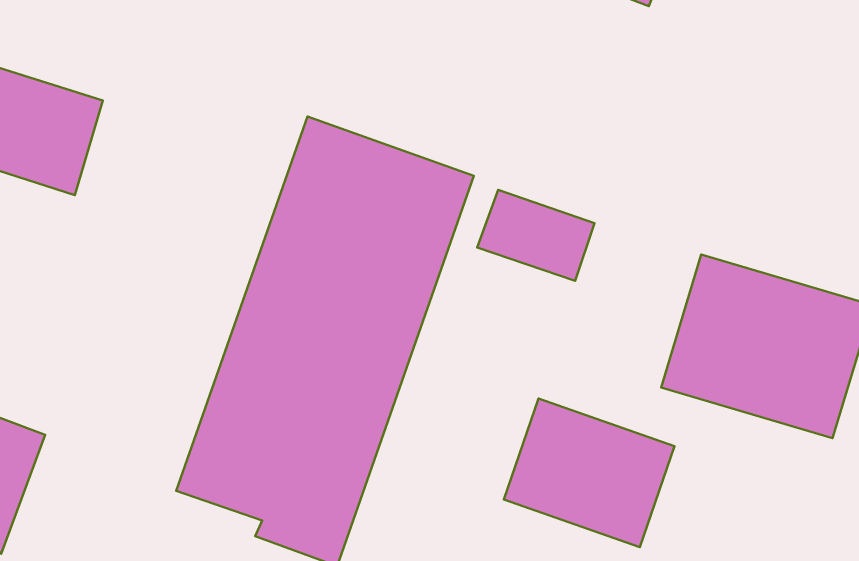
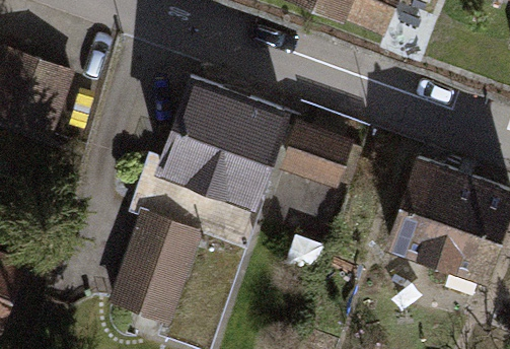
building: [504,399,675,547] -> none

